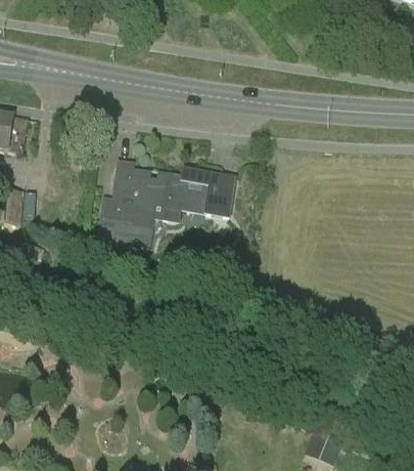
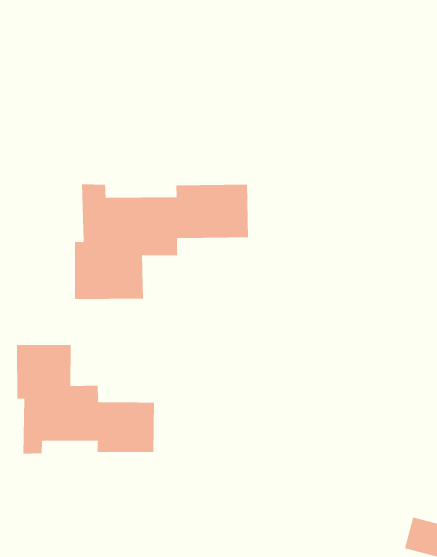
building: none -> [17,344,154,454]

